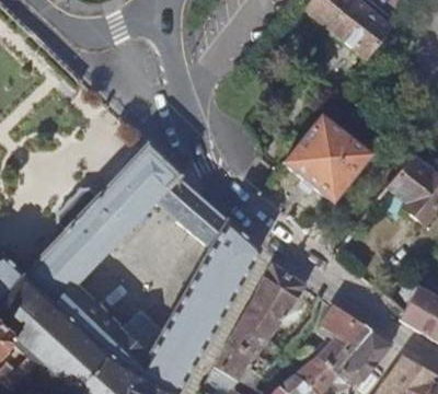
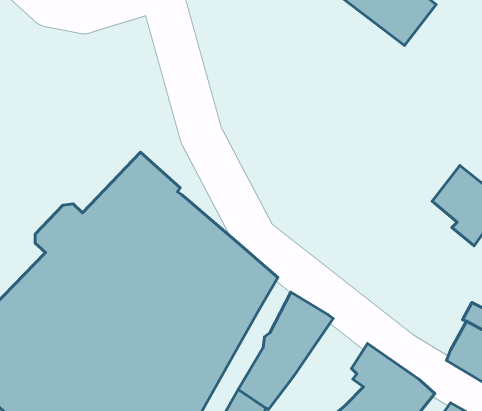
building: [285,117,370,201] -> none

